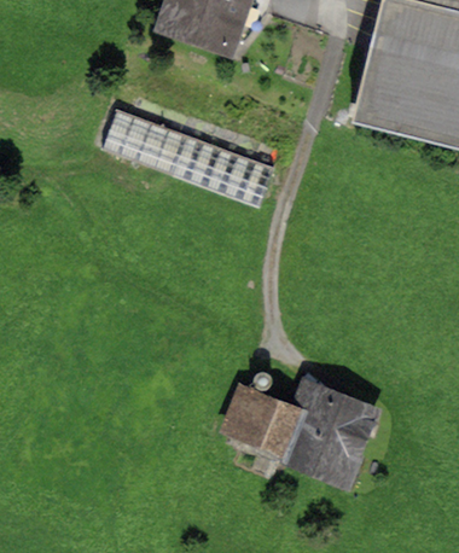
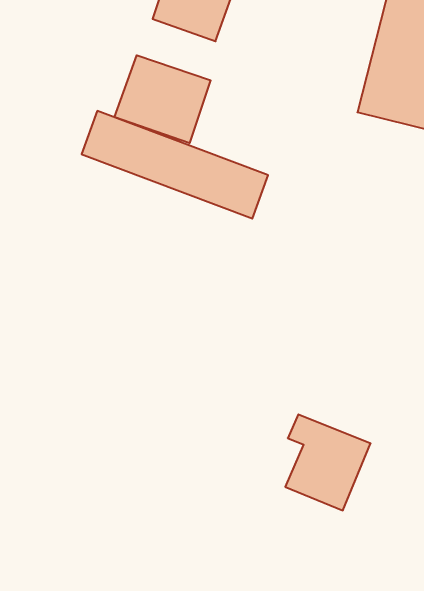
building: none -> [114,55,211,143]
building: [221,386,303,453] -> none

